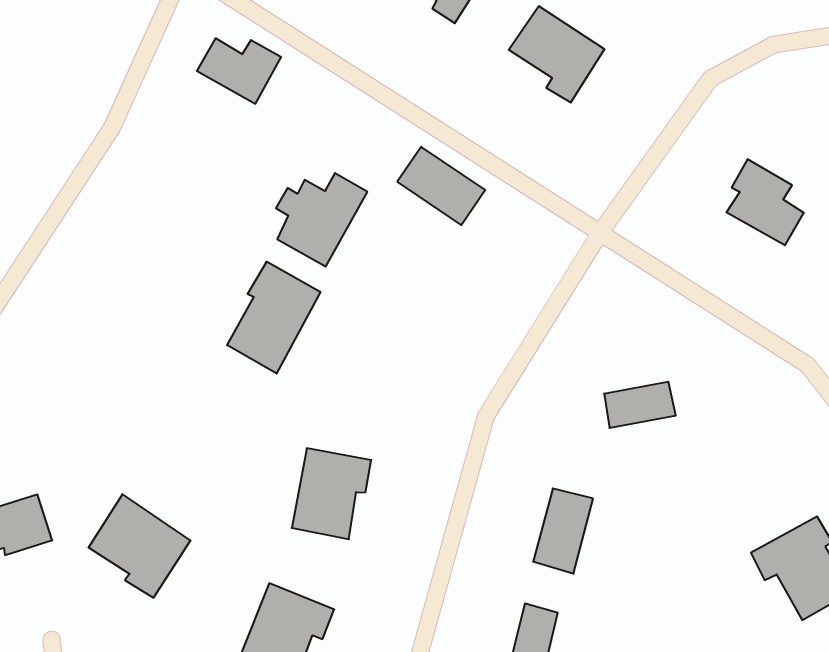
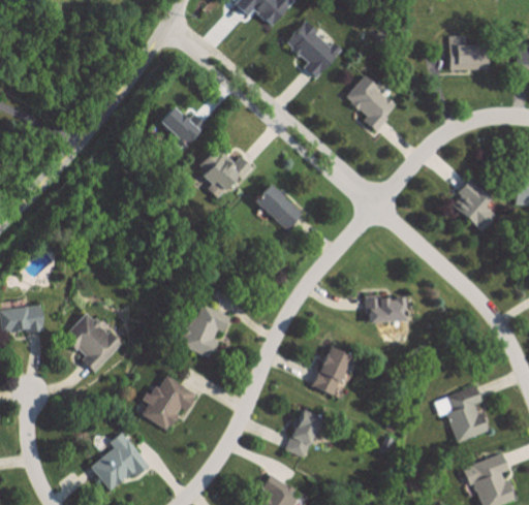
building: [197,38,281,104] -> [158,104,207,145]
building: [397,147,485,225] -> [254,183,303,230]
building: [227,262,320,374] -> none

